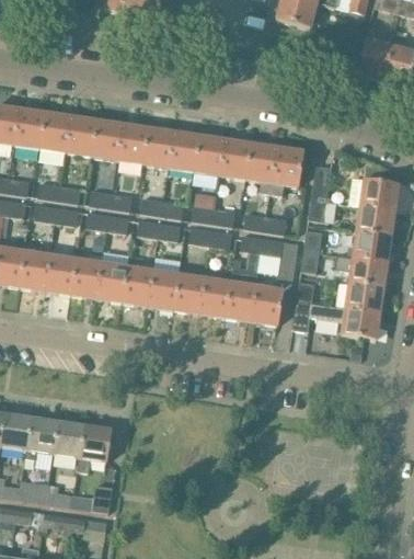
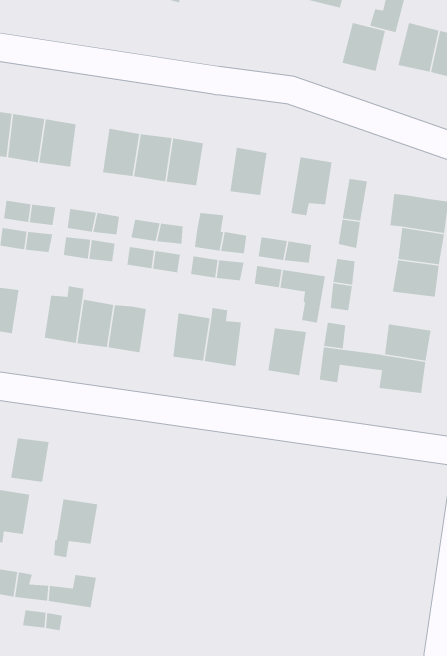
building: none -> [341,22,386,72]
building: [92,121,123,160] -> none
building: [194,136,226,175] -> none
building: [245,144,277,193] -> none
building: [335,253,387,287] -> none
building: [45,254,76,294] -> none
building: [226,269,257,320] -> none
building: [148,270,179,309] -> none
building: [54,420,85,456] -> [10,438,50,482]

